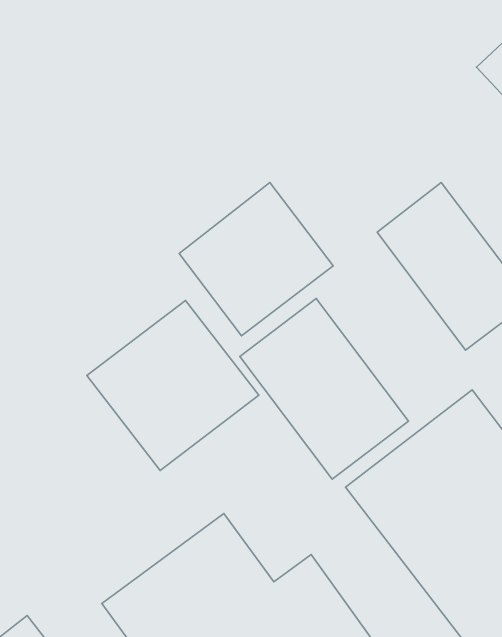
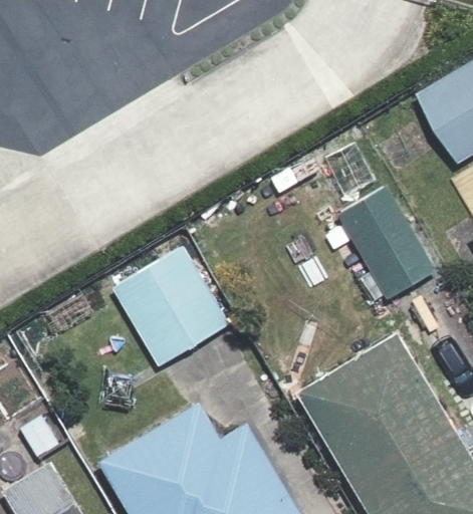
building: [179,182,333,336] -> none
building: [240,298,408,479] -> none

